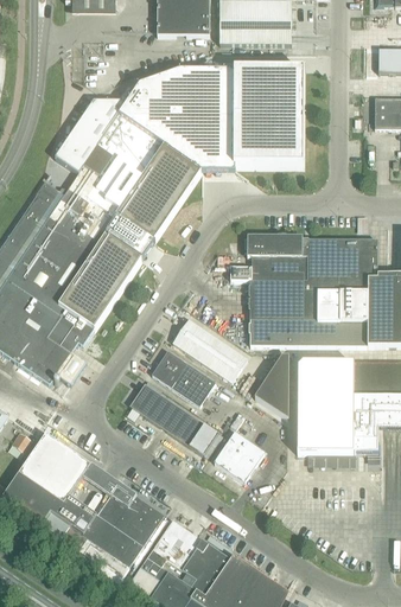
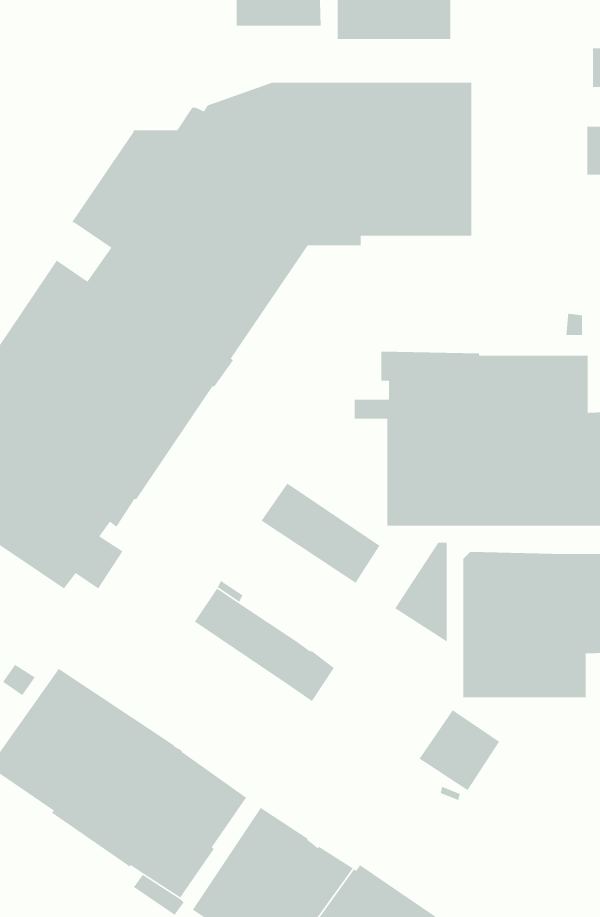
building: [149,349,214,404] -> none
building: [212,430,263,481] -> [418,709,500,791]

